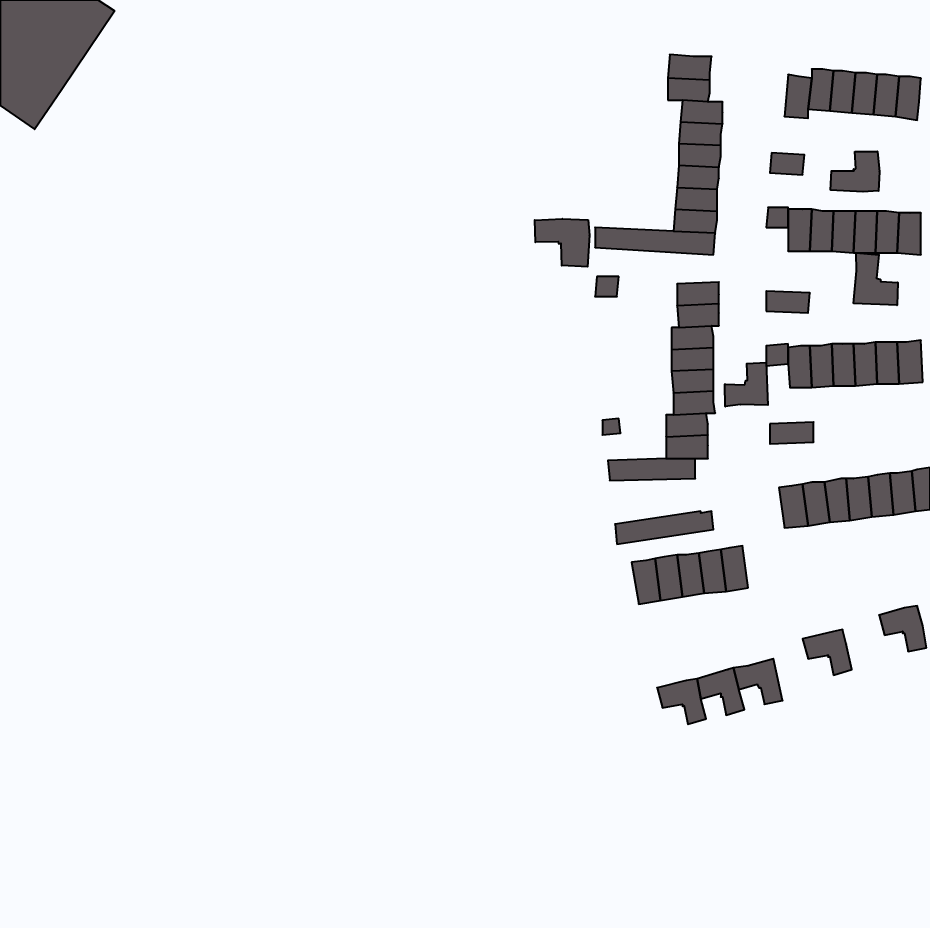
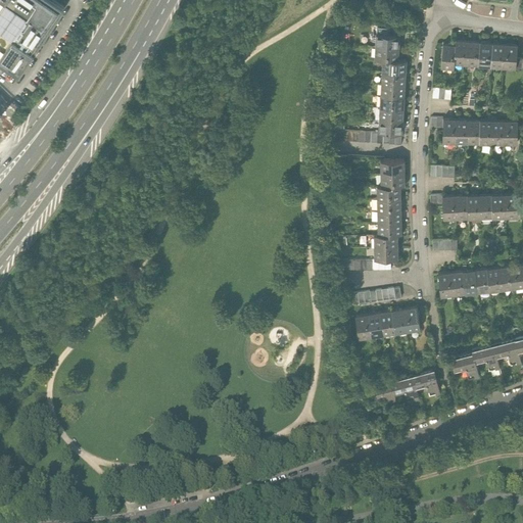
building: [831,151,879,192] -> none
building: [535,219,589,267] -> none
building: [854,253,898,305] -> none
building: [725,362,768,407] -> none
building: none -> [472,346,498,372]

